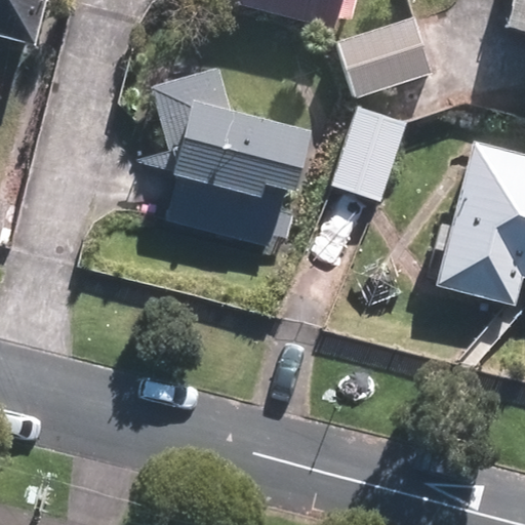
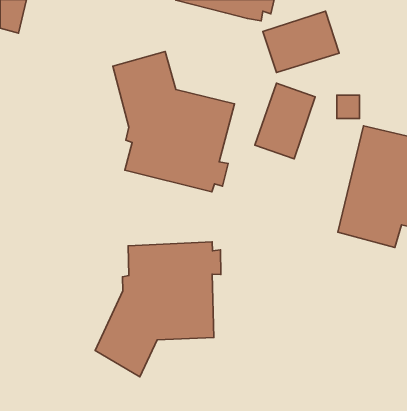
building: none -> [95,242,221,377]

